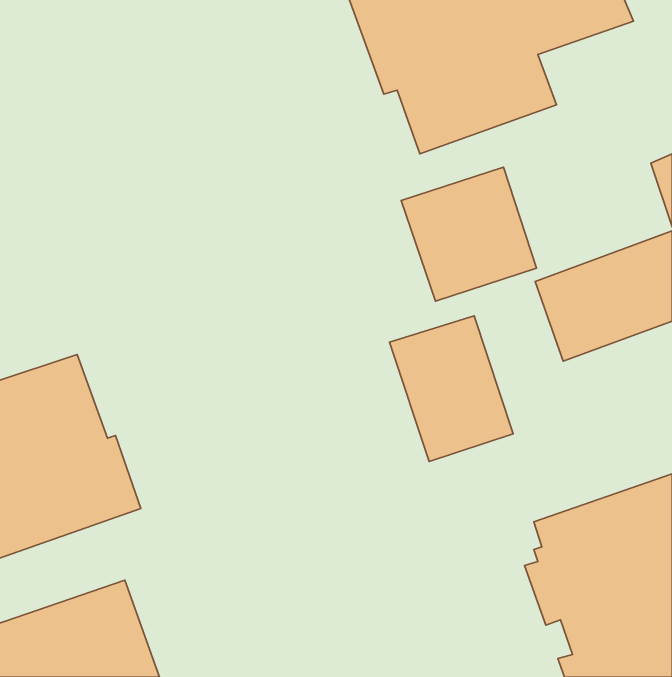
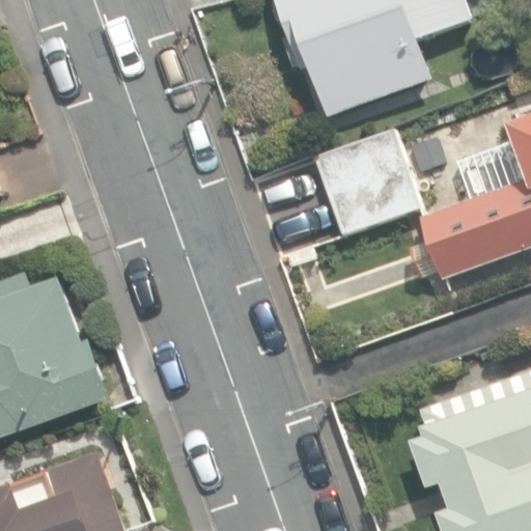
building: [389,316,513,462] -> none

